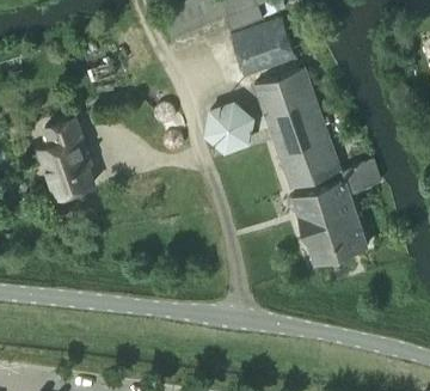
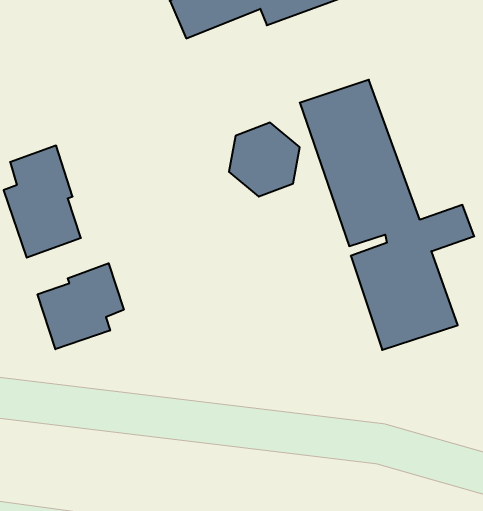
building: [232,20,296,79] -> none
building: none -> [38,263,124,349]

